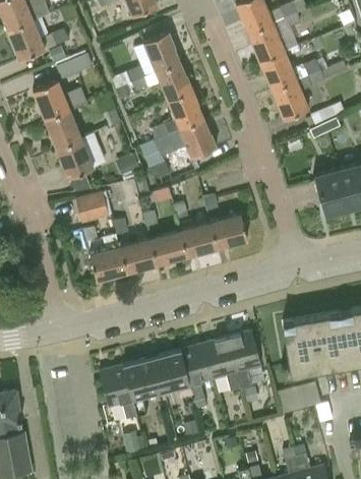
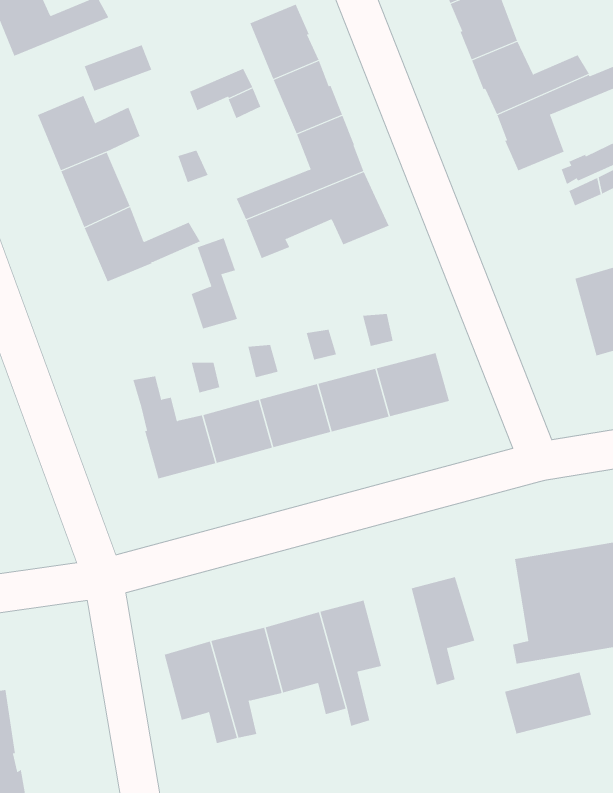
building: [76,191,109,223] -> none
building: [203,338,241,392] -> none

